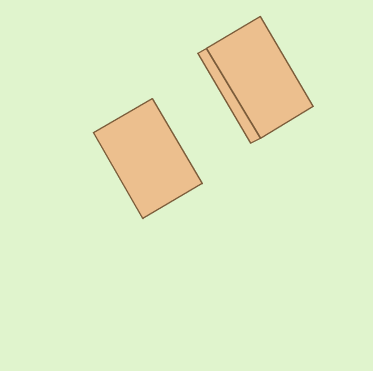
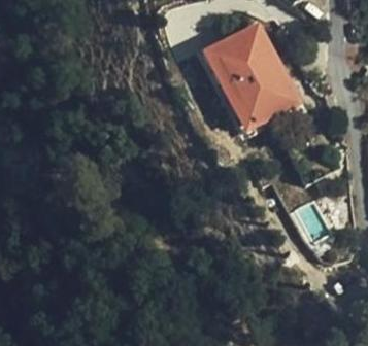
building: [93,99,202,219] -> none

